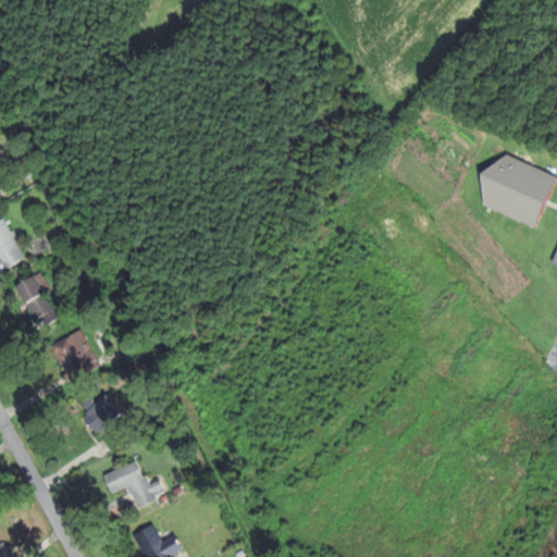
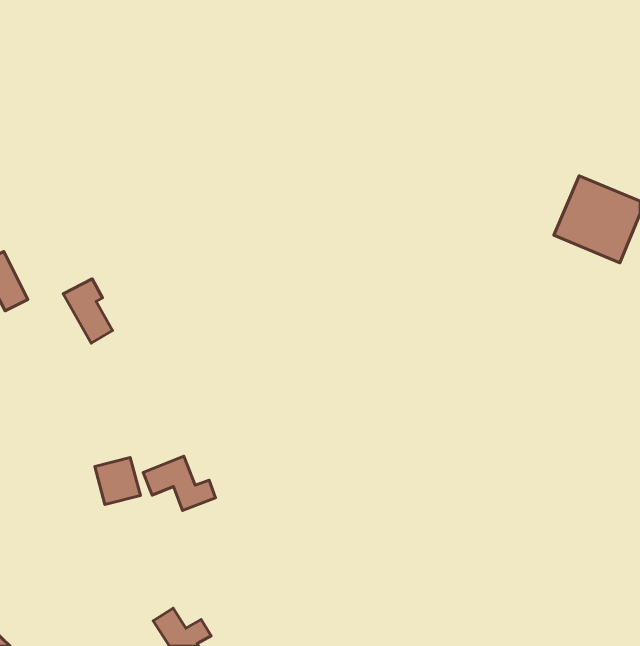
building: [15,272,58,327] -> [63,279,113,343]
building: [50,329,99,380] -> none
building: [102,459,164,506] -> [143,456,215,510]

